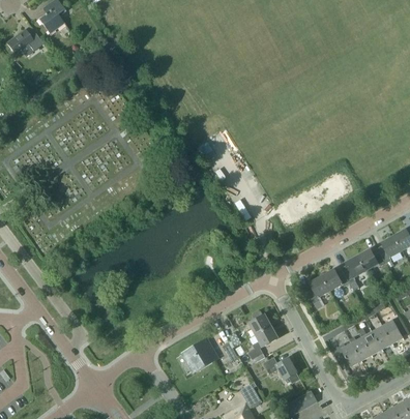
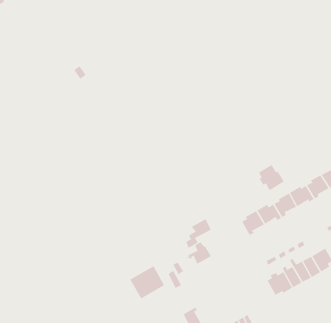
building: none -> [258,164,285,191]
building: [250,326,279,359] -> [185,219,212,248]
building: [264,357,298,383] -> none

